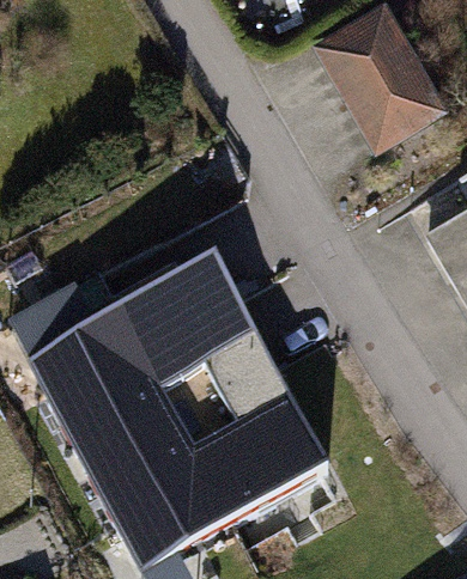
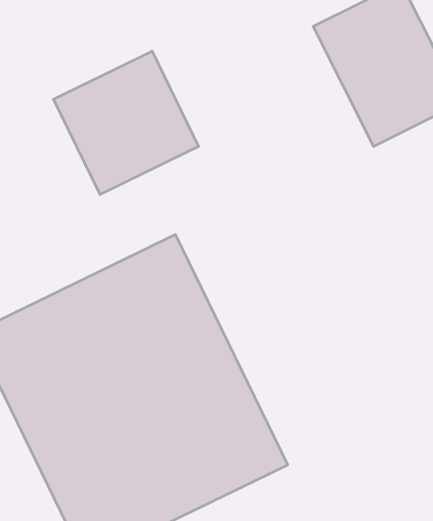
building: none -> [53,51,199,195]

